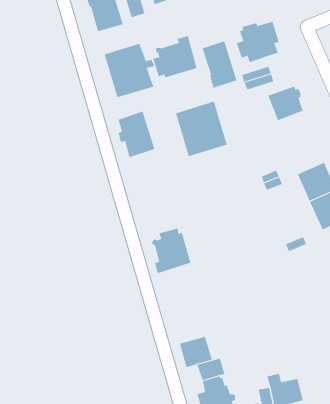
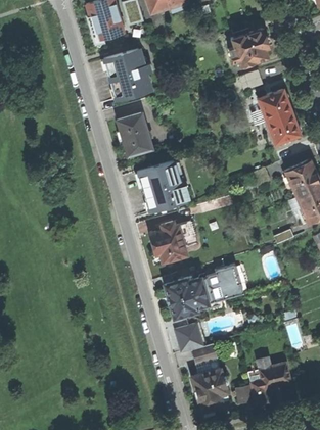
building: [153,35,197,78] -> none
building: [201,41,237,89] -> none
building: [175,101,228,157] -> [137,160,186,212]
building: none -> [267,112,302,144]
building: none -> [164,265,243,318]

